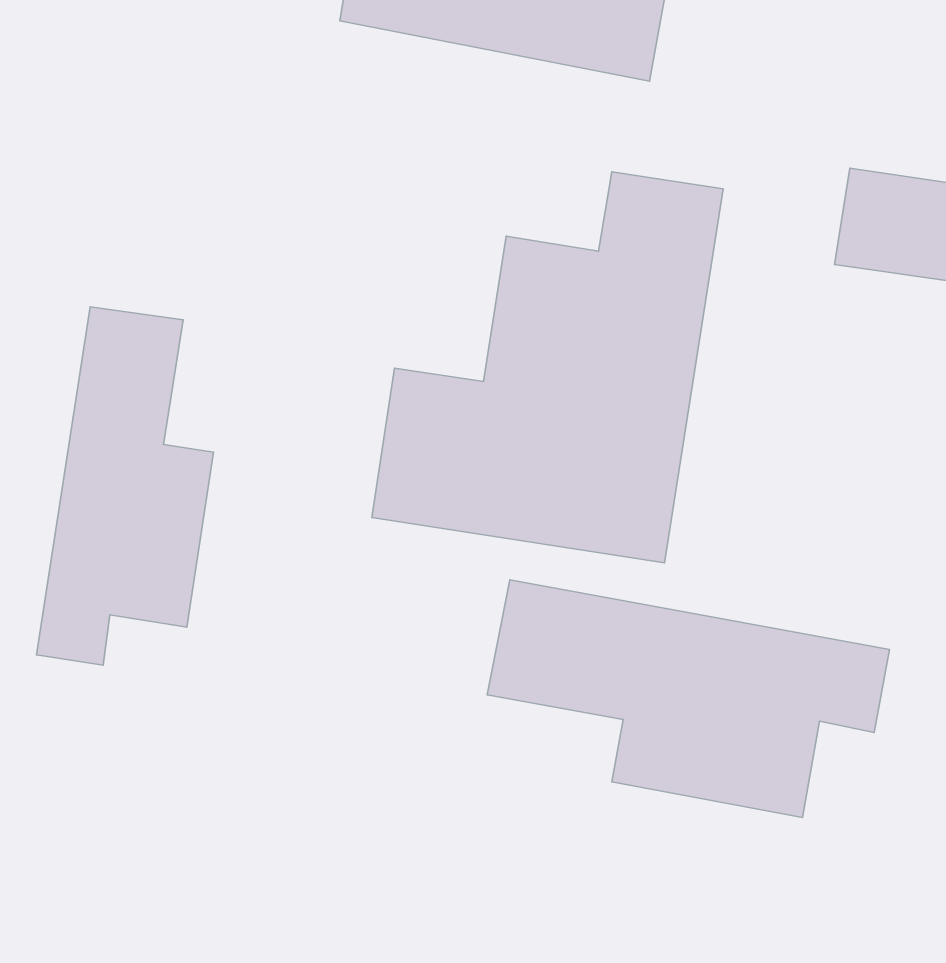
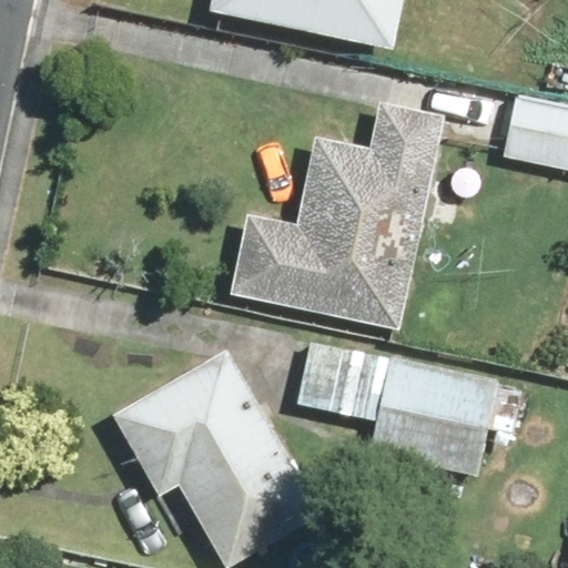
building: [36,307,213,665] -> none
building: none -> [111,348,320,558]

